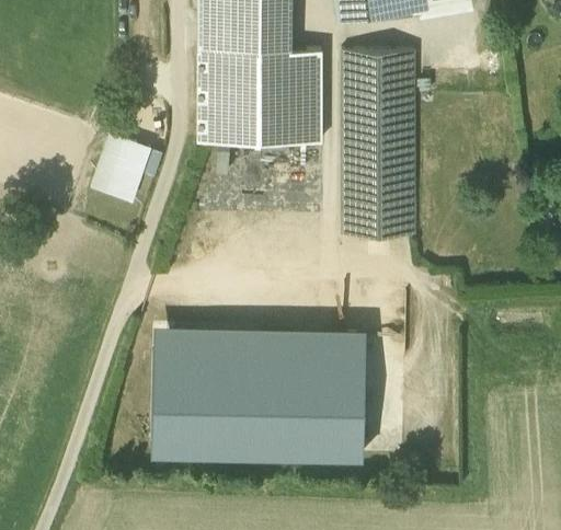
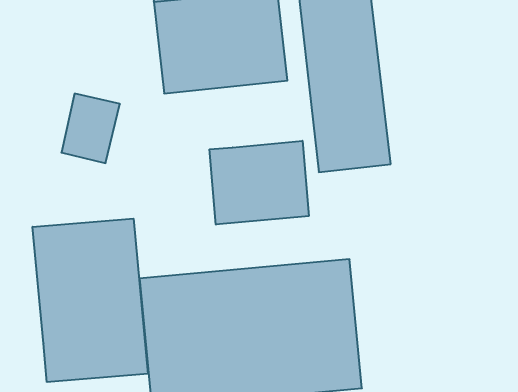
building: none -> [210,141,309,225]
building: none -> [33,219,148,382]

